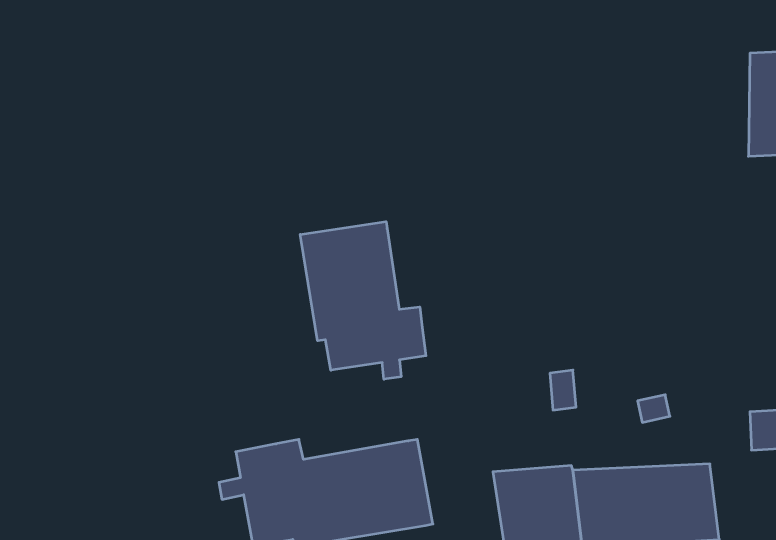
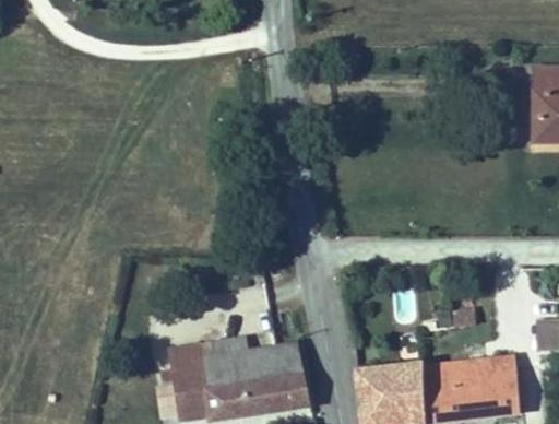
building: [300,222,426,379] -> none

